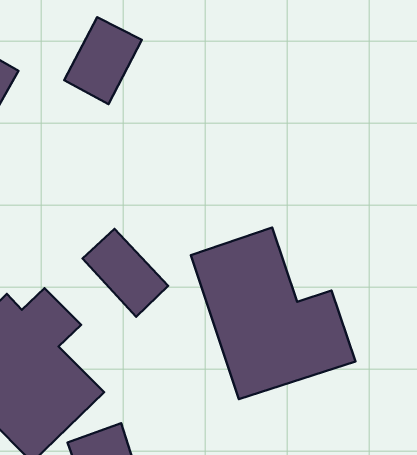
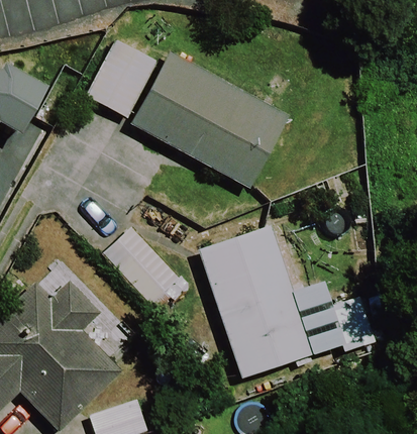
building: none -> [129,50,290,189]

